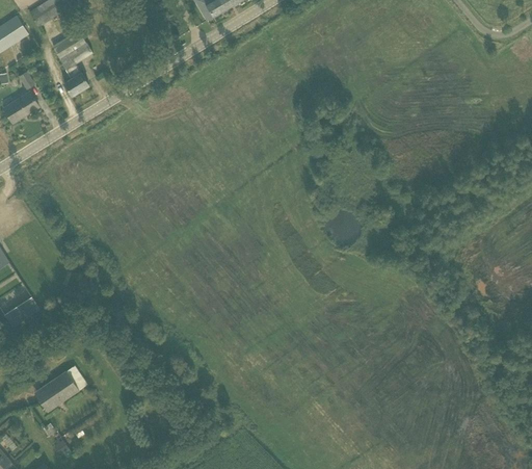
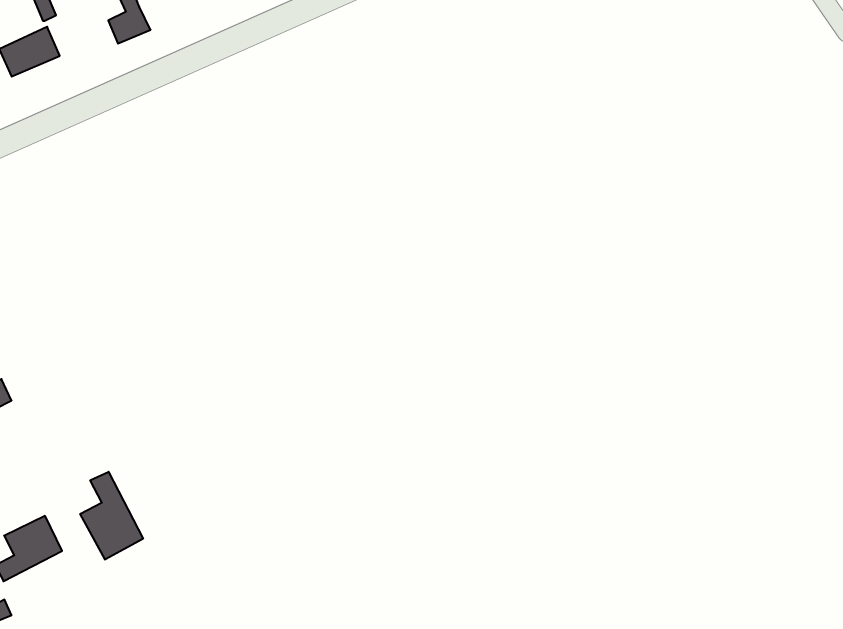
building: none -> [80,472,143,560]

